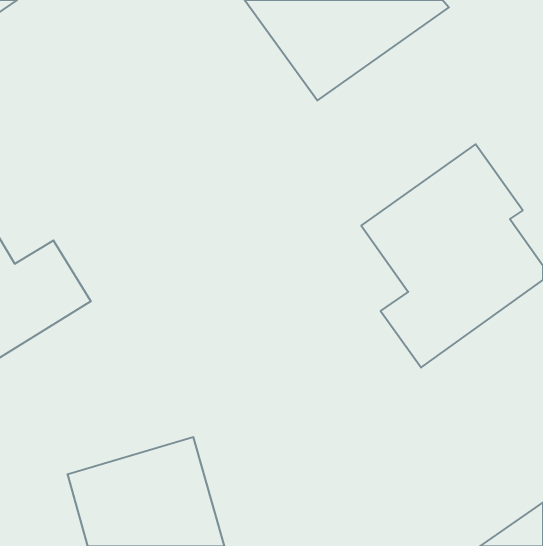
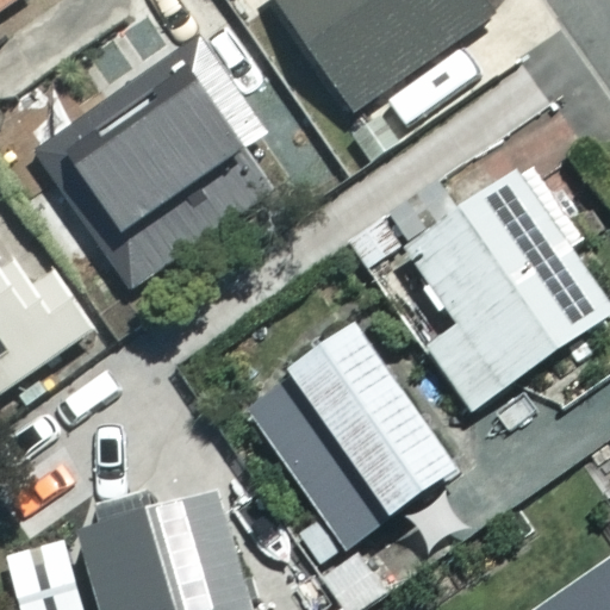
building: none -> [66,67,259,254]
building: none -> [241,326,454,548]

